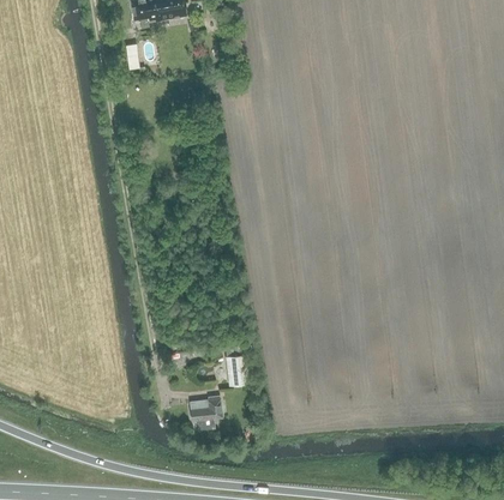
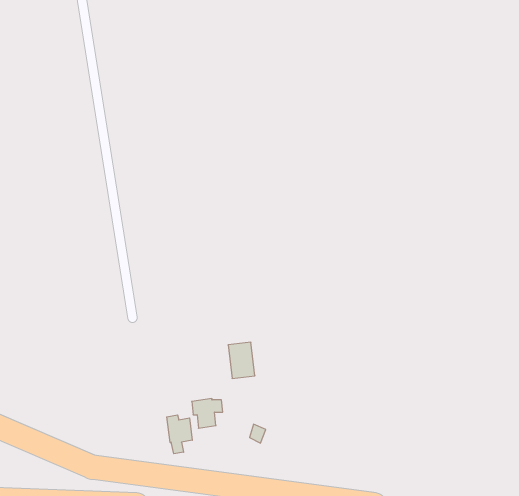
building: none -> [167,415,192,454]

